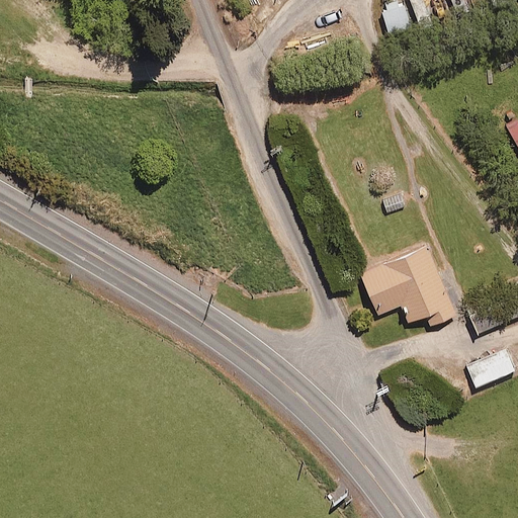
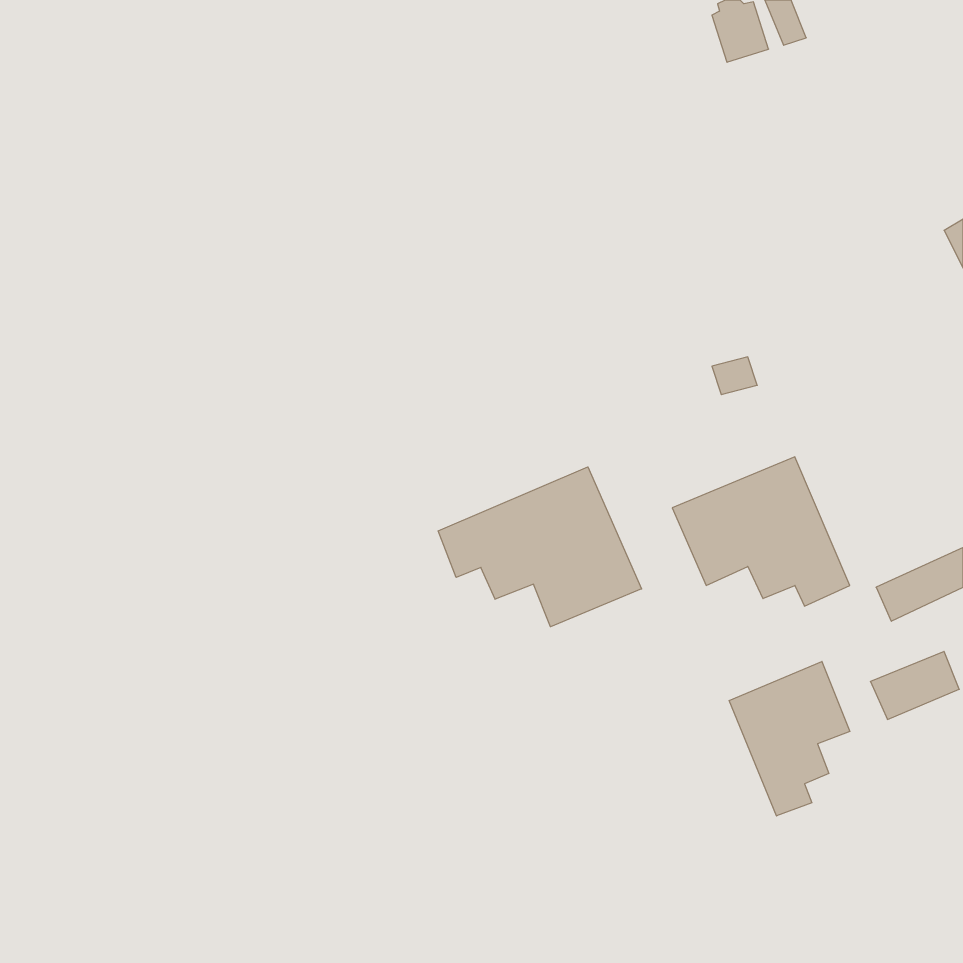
building: none -> [438,467,642,627]
building: none -> [729,661,850,816]

